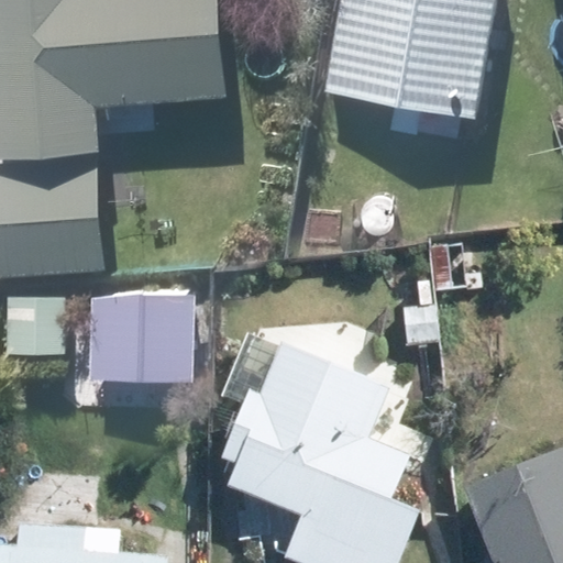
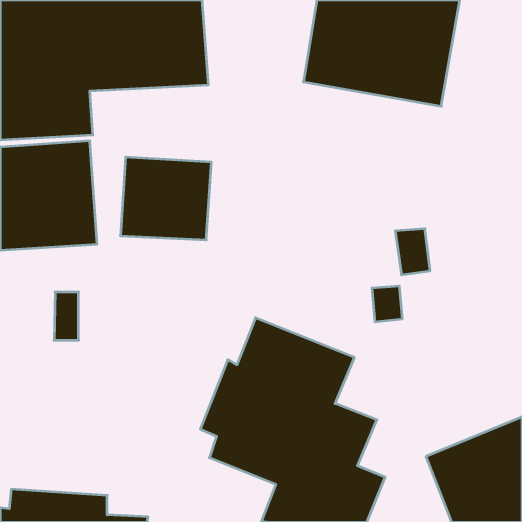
building: [96,284,194,373] -> [120,157,211,240]

